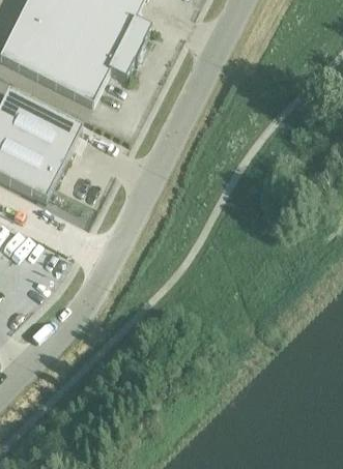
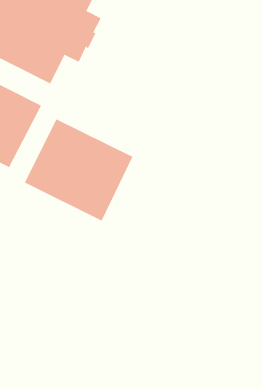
building: none -> [24,119,133,222]

